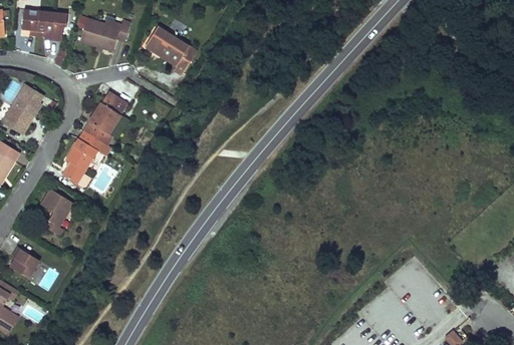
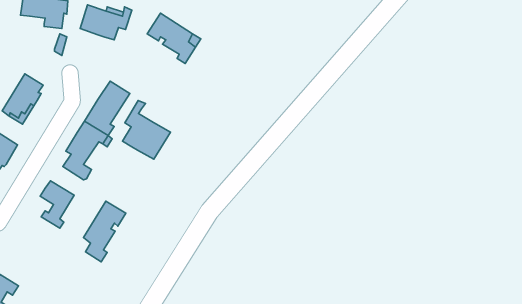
building: none -> [123,100,170,159]
building: none -> [84,201,126,262]
building: [10,247,39,279] -> none

